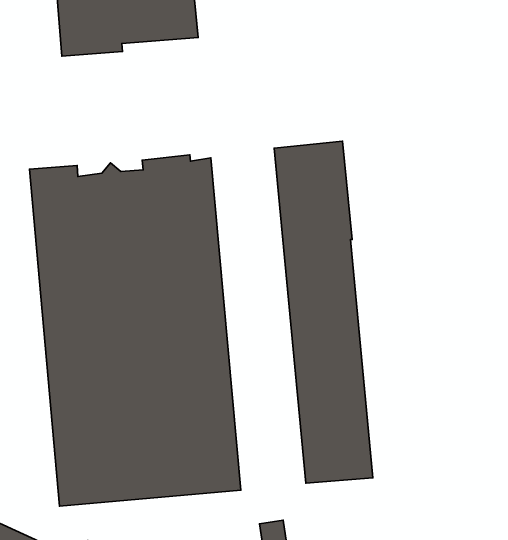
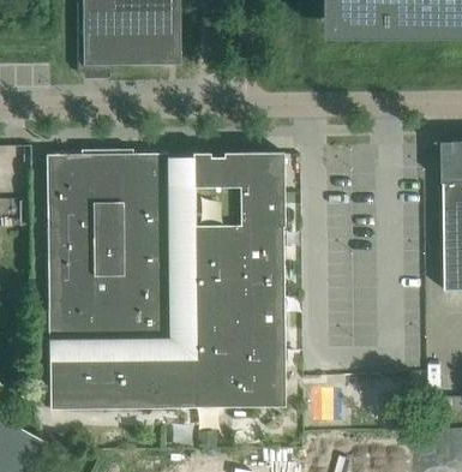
building: none -> [182,153,234,407]

